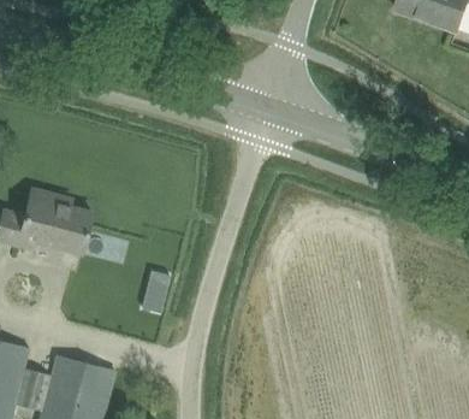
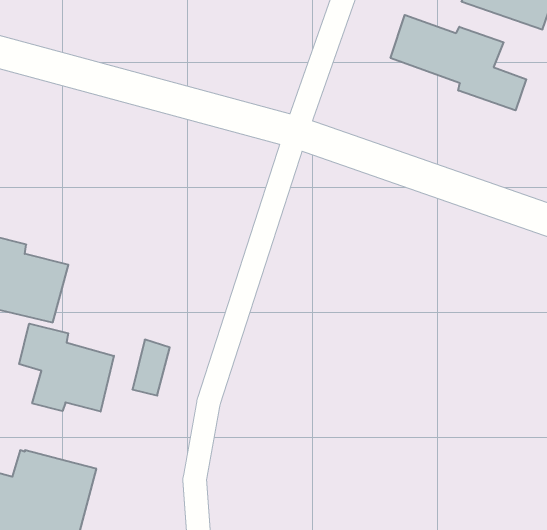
building: none -> [391,15,526,110]
building: none -> [19,324,114,412]

